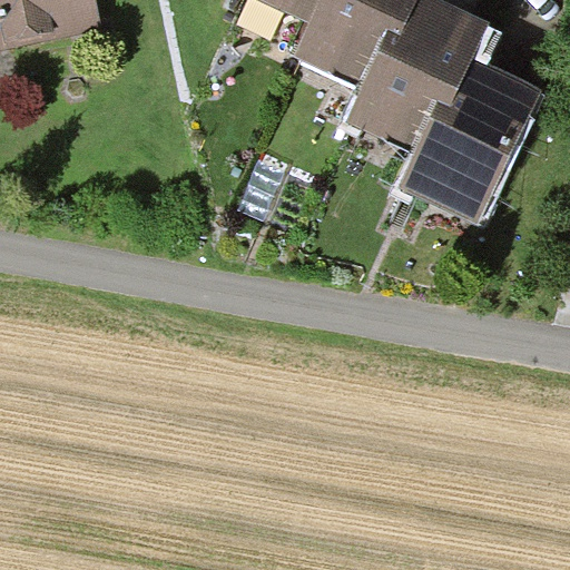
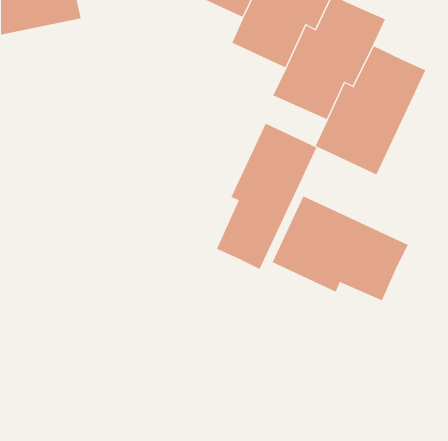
building: none -> [216,123,317,270]
building: none -> [272,195,409,301]

